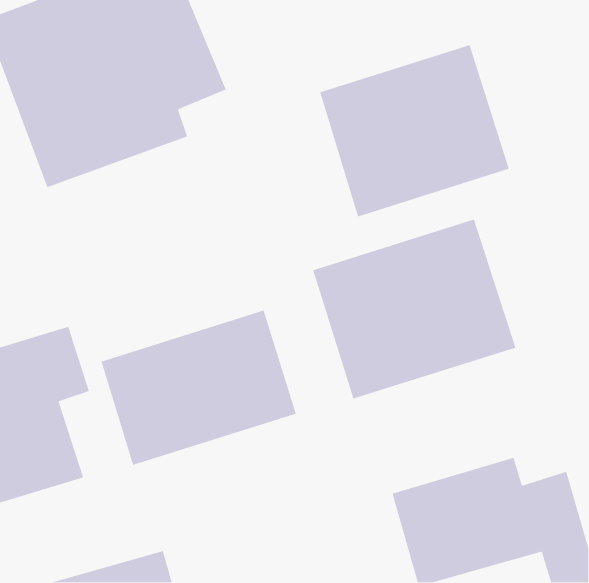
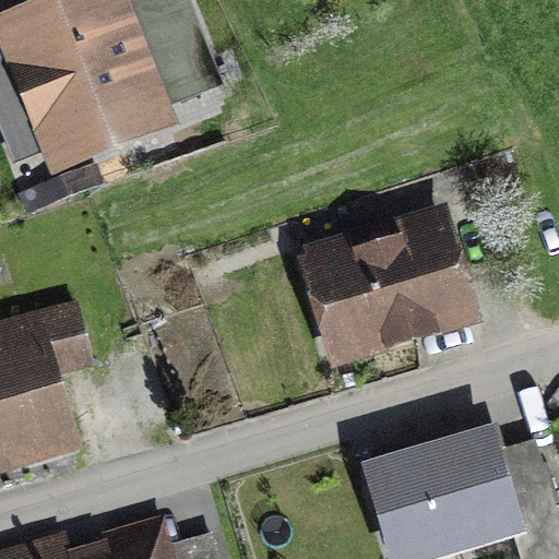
building: [319,44,510,217] -> none
building: [101,310,297,466] -> none

